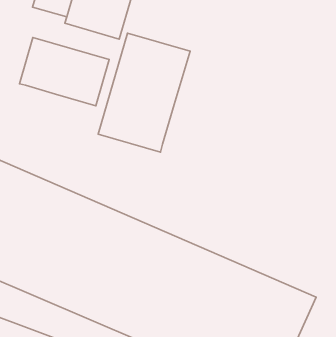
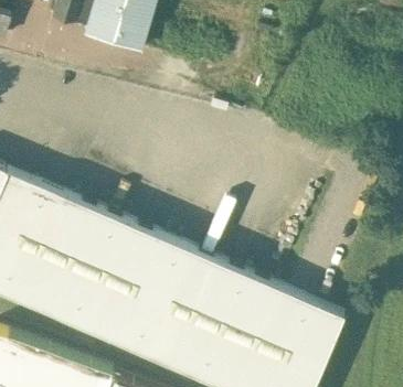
building: [98,33,190,152] -> none
building: [20,37,109,106] -> none

